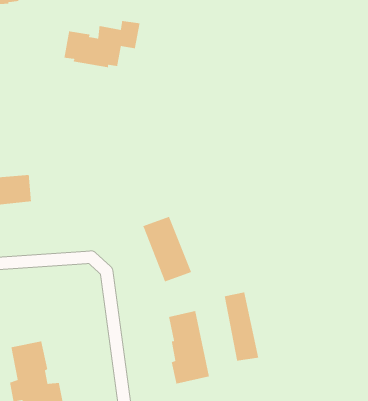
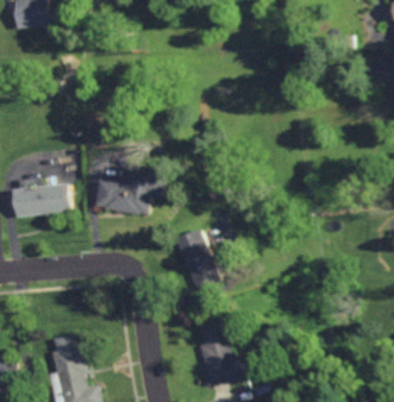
building: [63,20,140,68] -> [94,171,167,216]
building: [224,291,259,361] -> none

